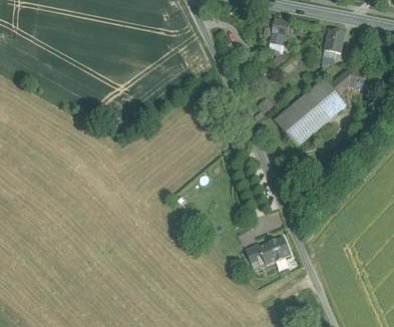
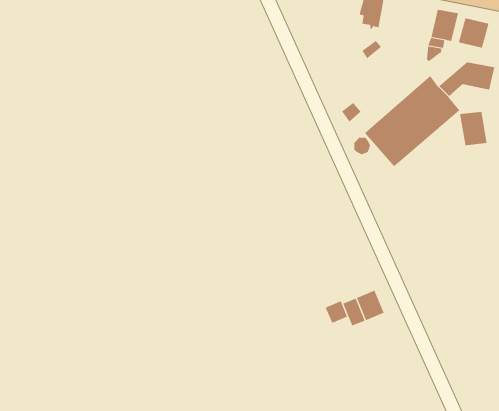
building: none -> [458,17,489,49]
building: none -> [460,111,487,146]

